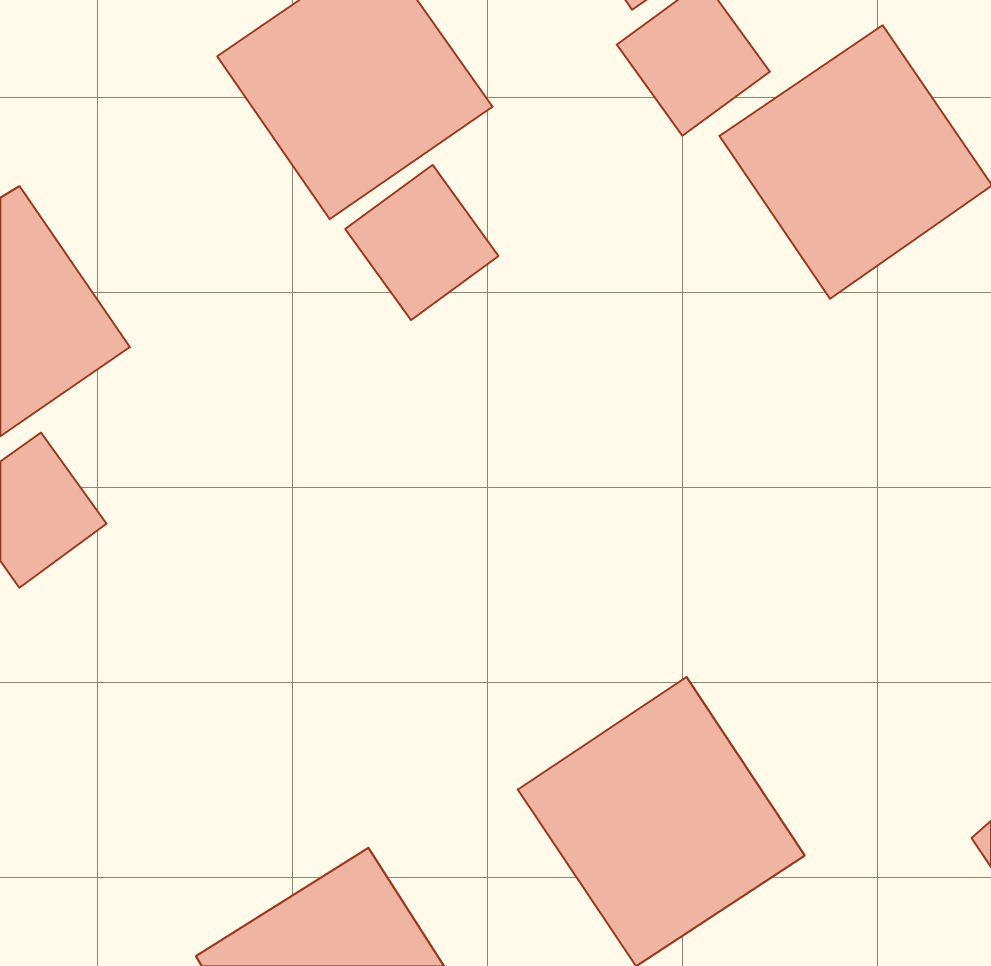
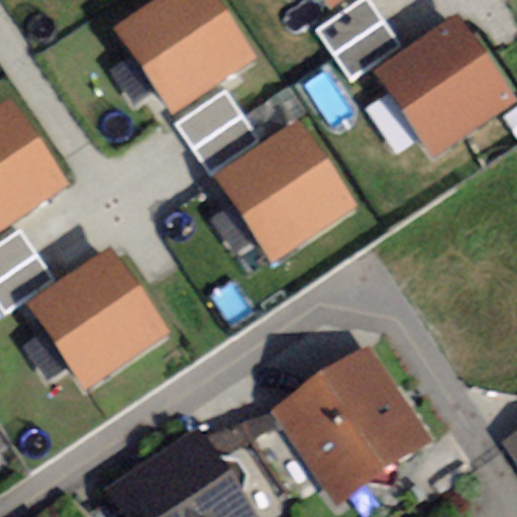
building: none -> [213,119,356,262]
building: none -> [25,245,169,388]

